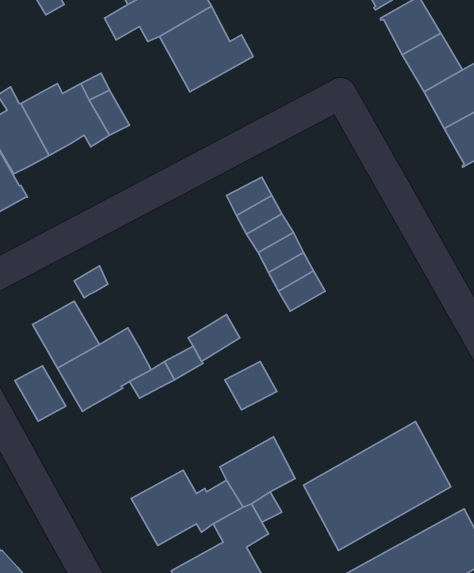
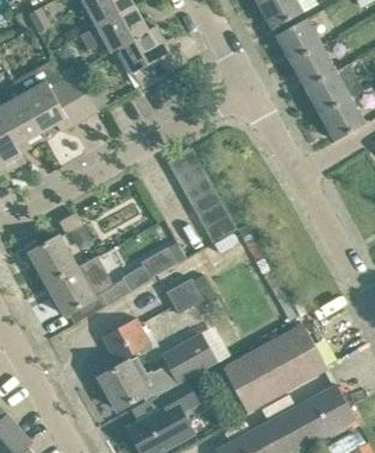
building: [15,366,66,421] -> none
building: none -> [102,317,151,363]

